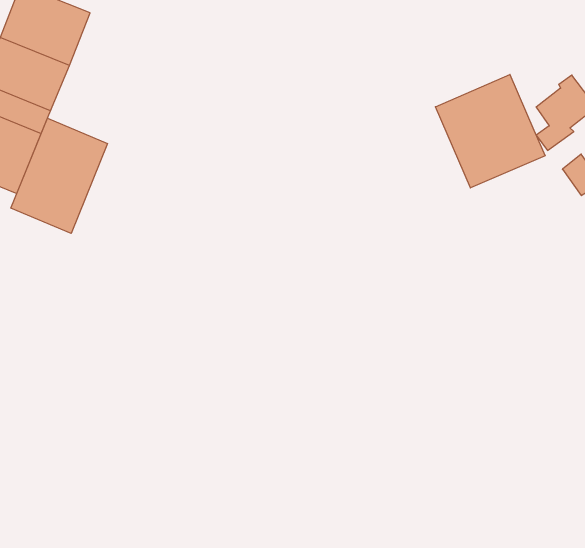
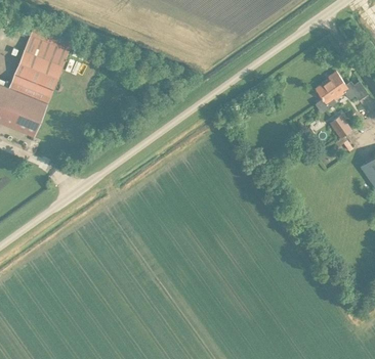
building: [435,74,545,188] -> none
building: [11,118,108,233] -> none

